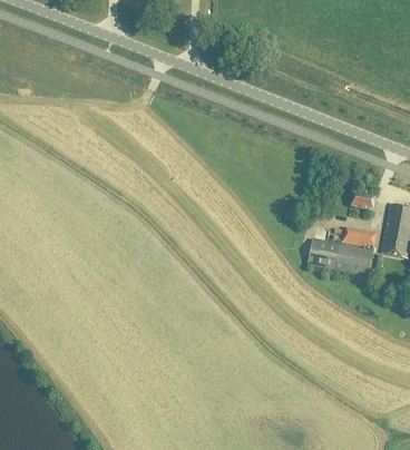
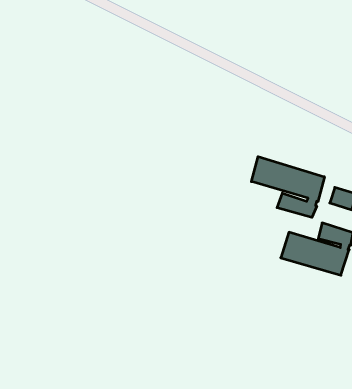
building: none -> [251,157,324,217]

